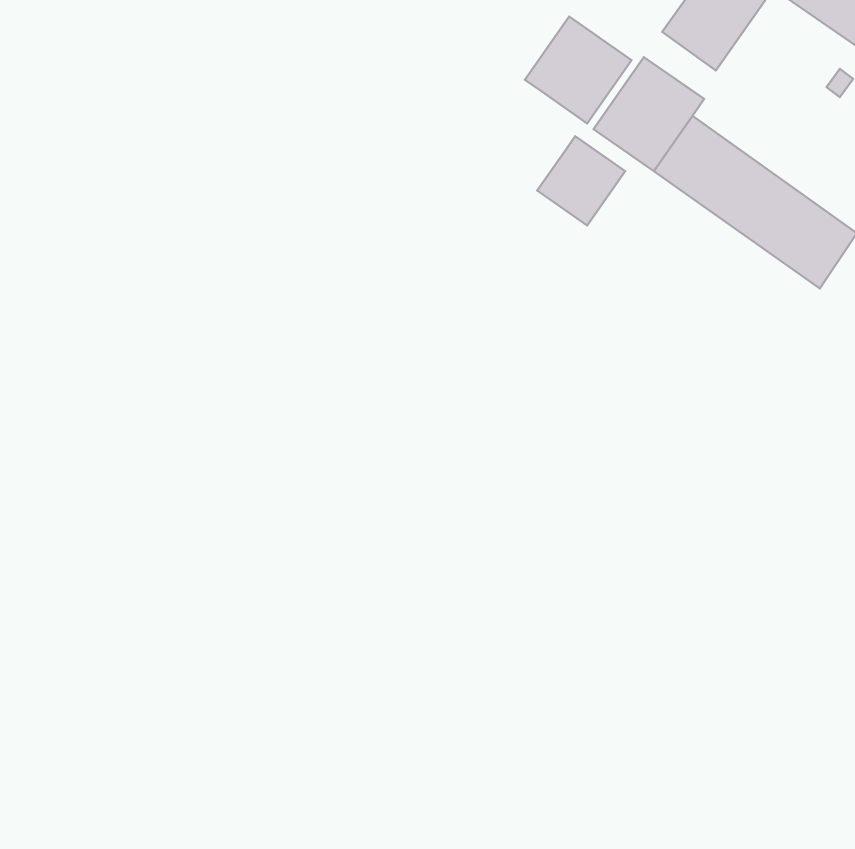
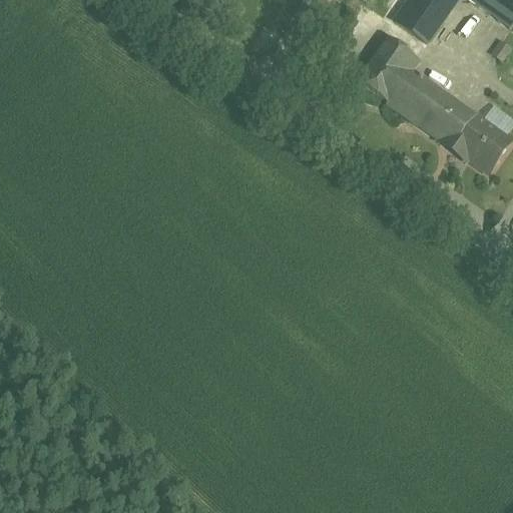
building: [525,16,632,123] -> none
building: [537,136,625,225] -> none

